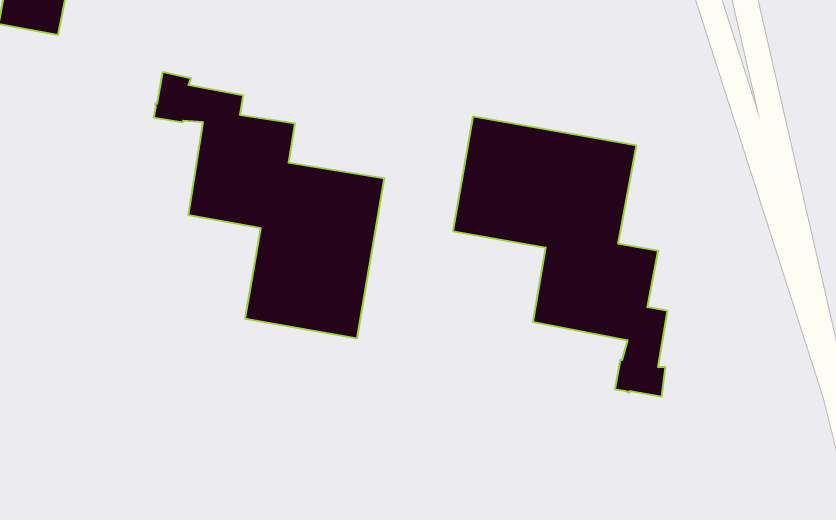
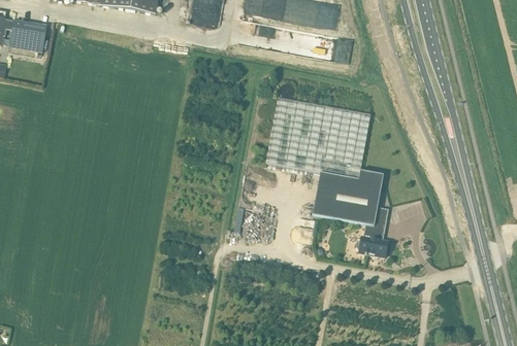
building: [154,72,384,338] -> none

